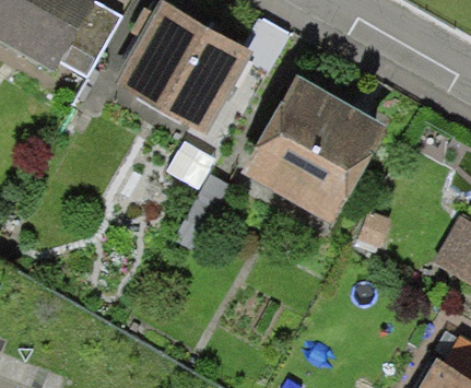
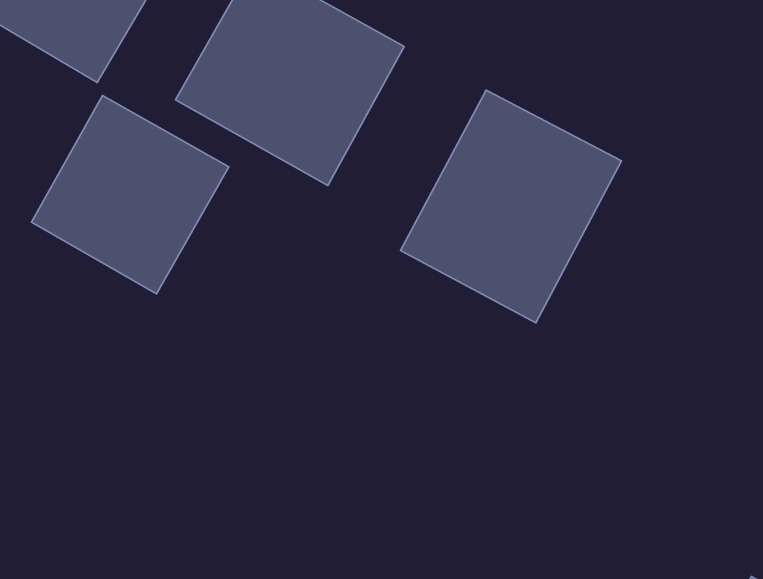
building: none -> [31,96,229,294]

